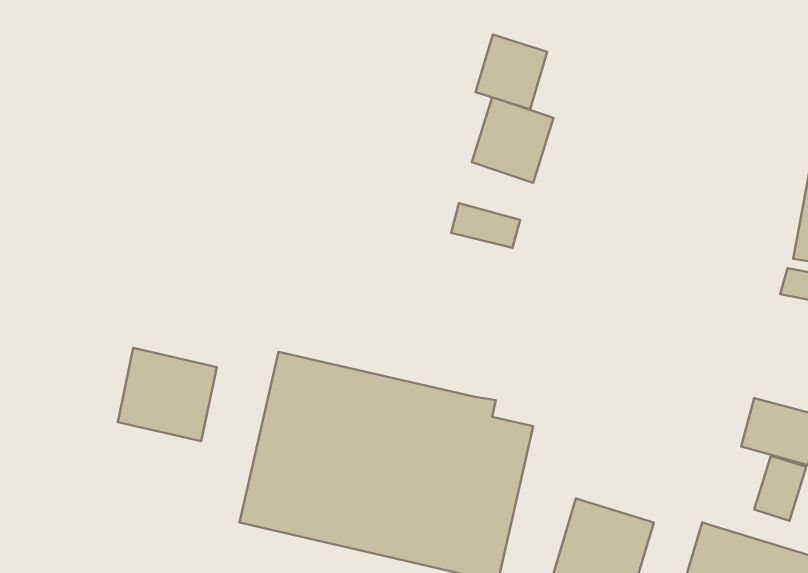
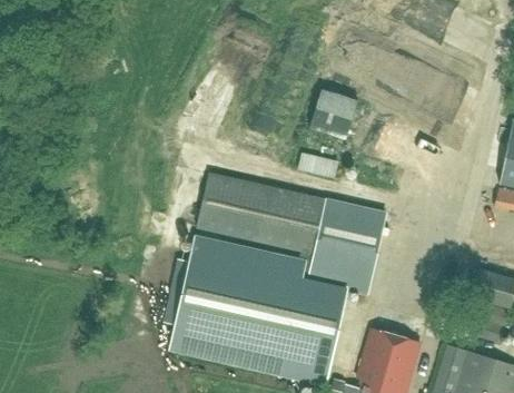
building: [476,35,547,109] -> none
building: none -> [197,173,383,289]
building: [118,348,217,441] -> none

